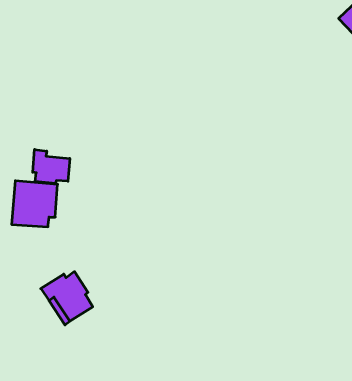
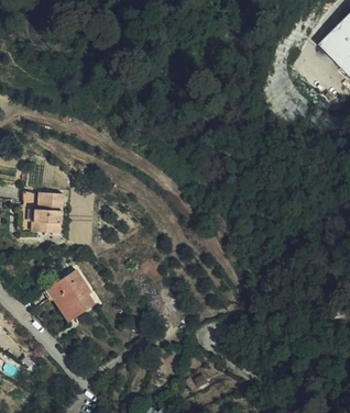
building: [33,149,70,183] -> none

